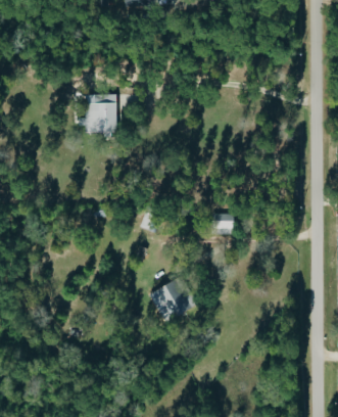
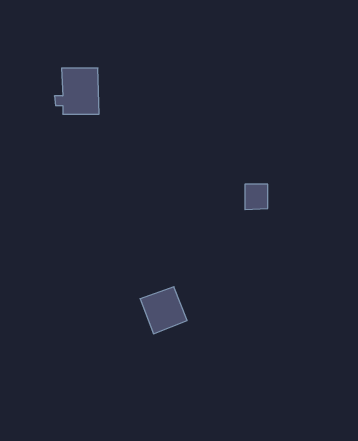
building: [213,215,233,236] -> [245,184,268,210]

